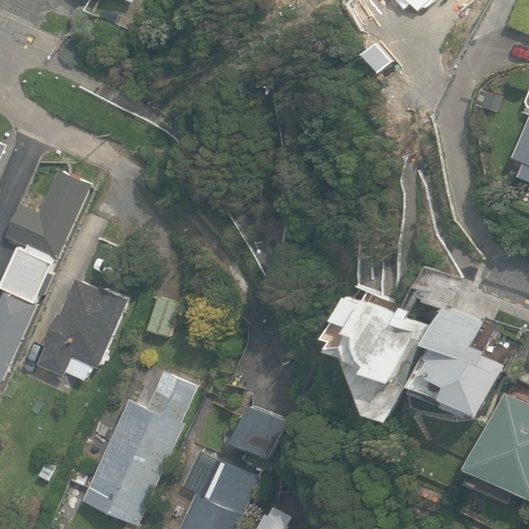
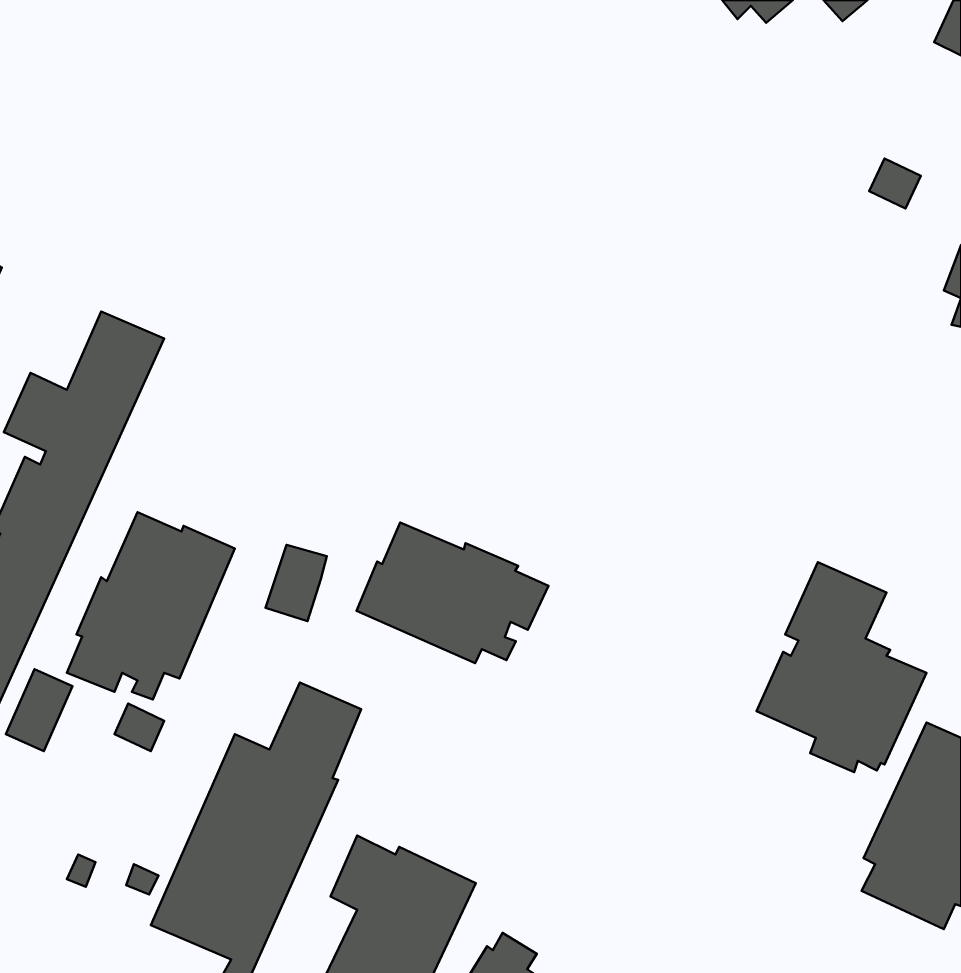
building: none -> [356,522,548,663]
building: [325,287,428,422] -> none
building: [234,407,290,460] -> none

